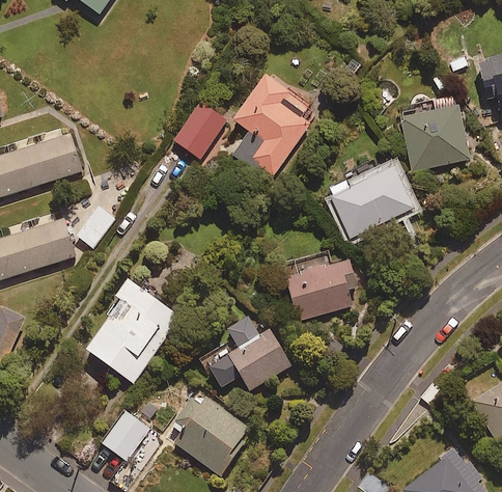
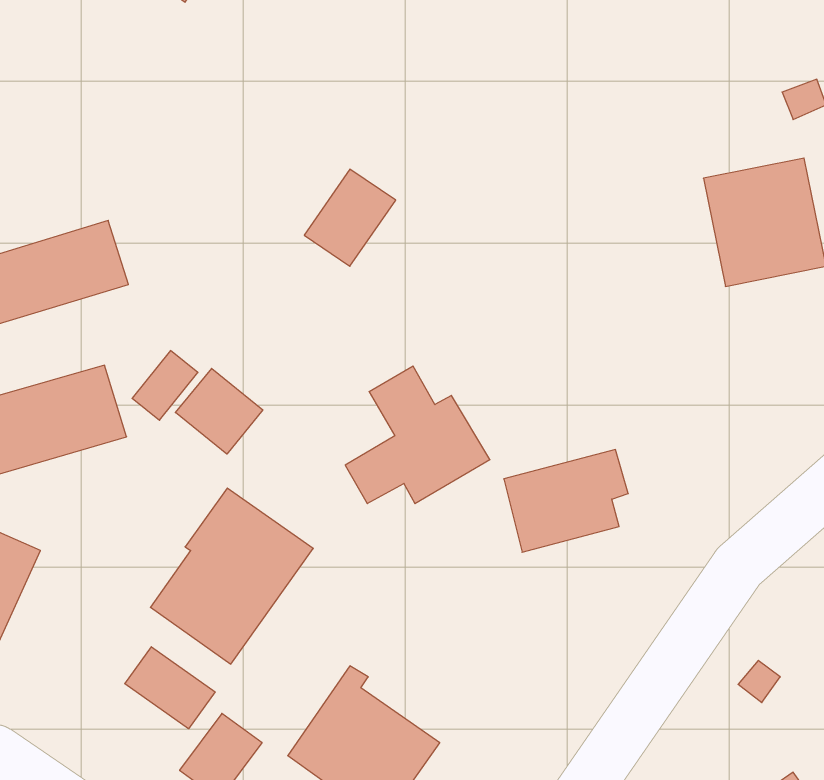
building: [233,78,308,175] -> none
building: [327,169,413,238] -> none
building: none -> [175,368,263,454]
building: [210,312,291,390] -> [345,366,490,504]
building: none -> [125,647,215,729]

